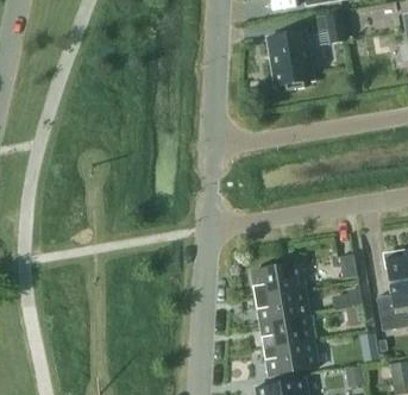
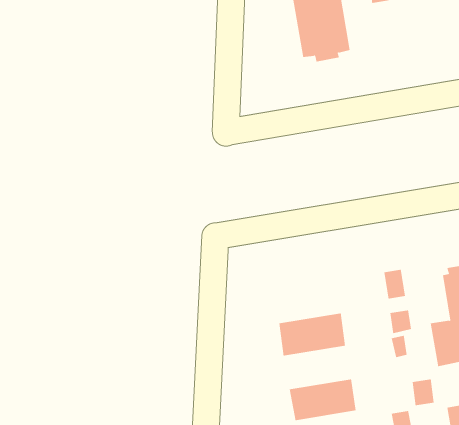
building: [251,263,306,296] -> none
building: [259,314,314,349] -> none

